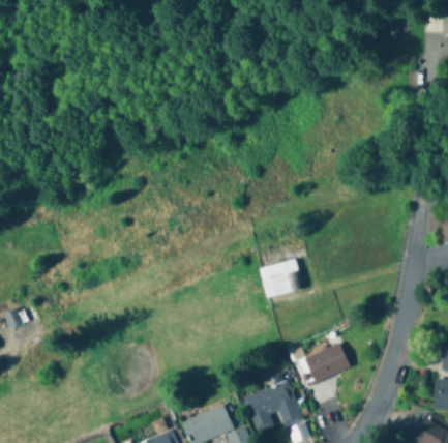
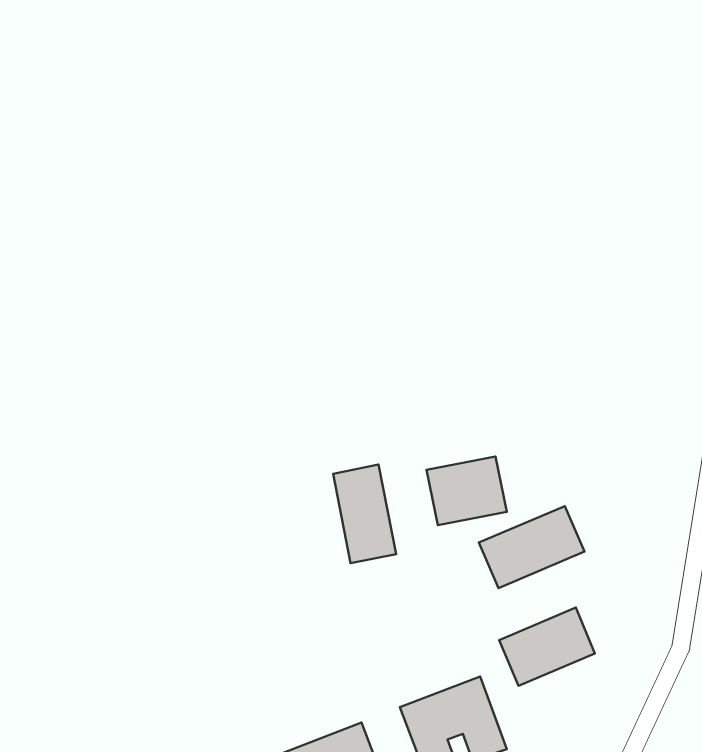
building: none -> [333,464,396,563]
building: none -> [479,506,585,588]

